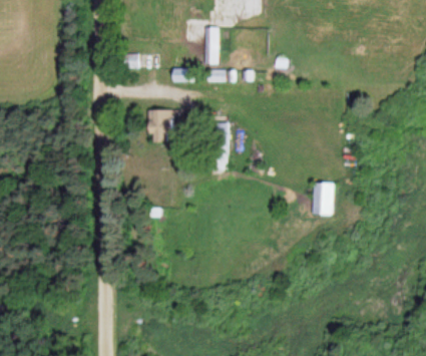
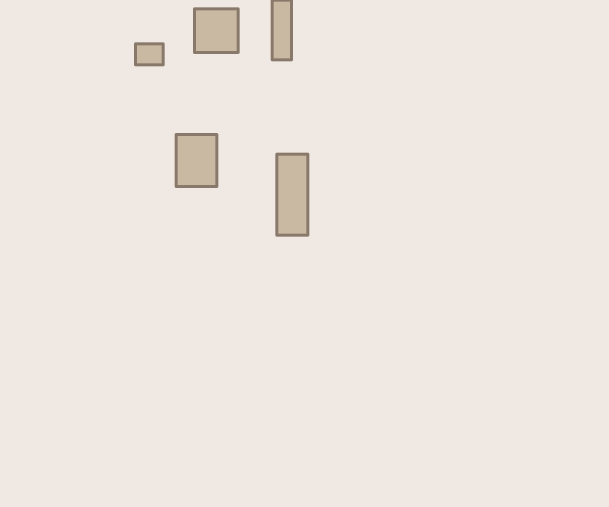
building: none -> [194,9,238,53]
building: [313,183,332,215] -> none

